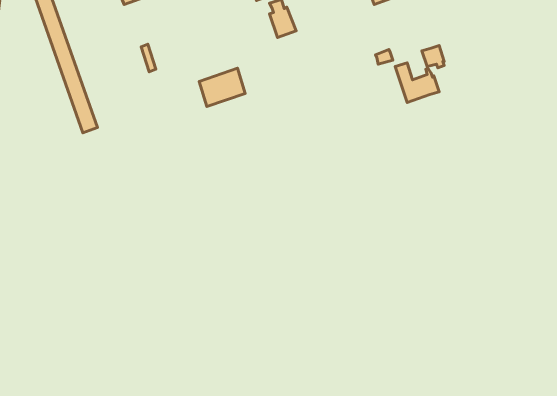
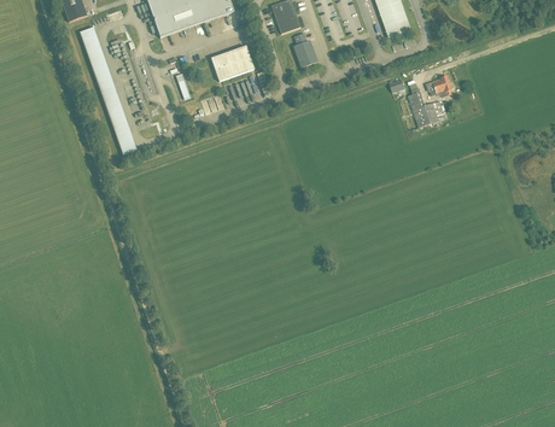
building: [199,68,245,107] -> [210,46,252,81]

